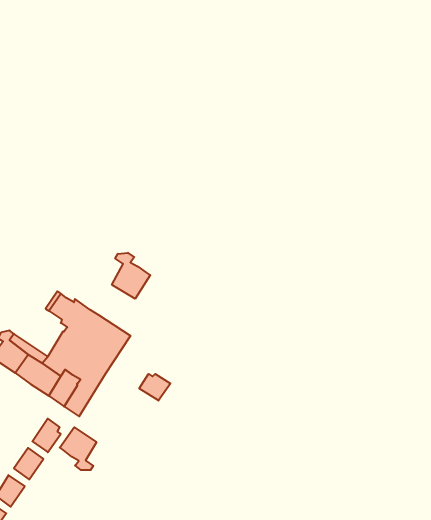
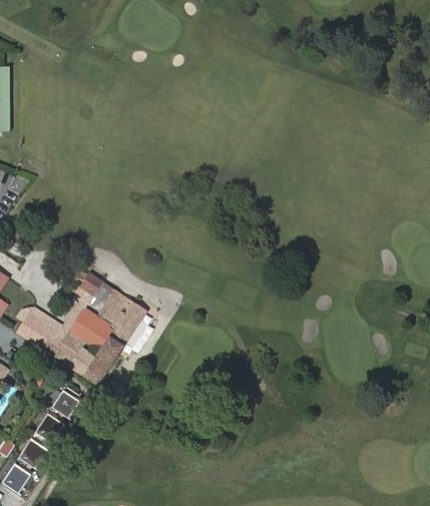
building: [112,253,150,299] -> none
building: [139,374,170,401] -> none
building: [60,427,96,470] -> none

